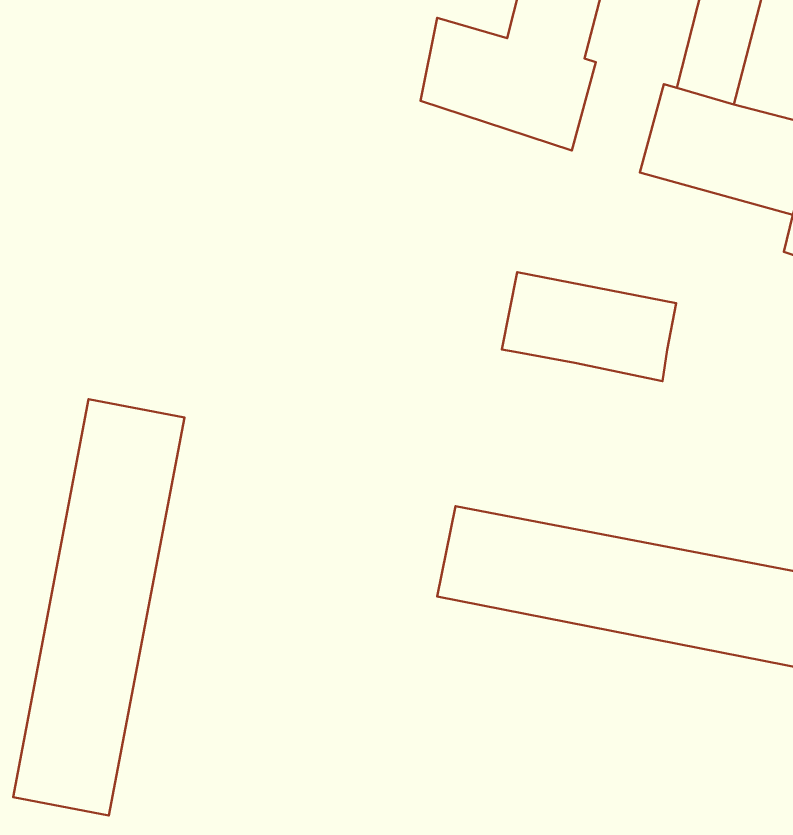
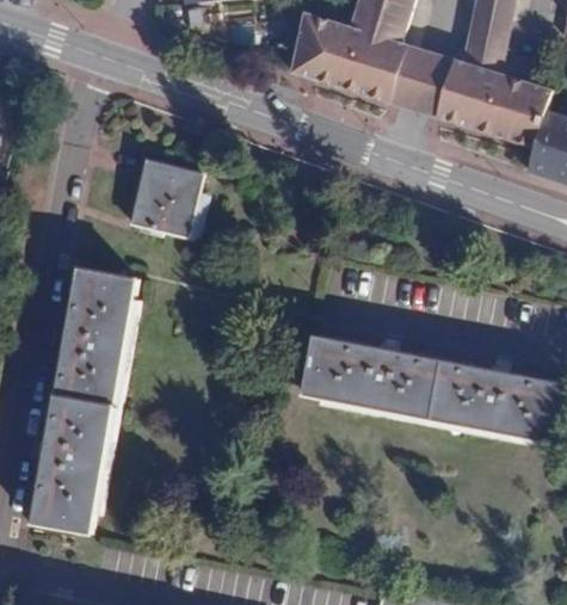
building: none -> [389,47,449,118]
building: none -> [129,160,203,236]
building: [502,272,676,381] -> none

